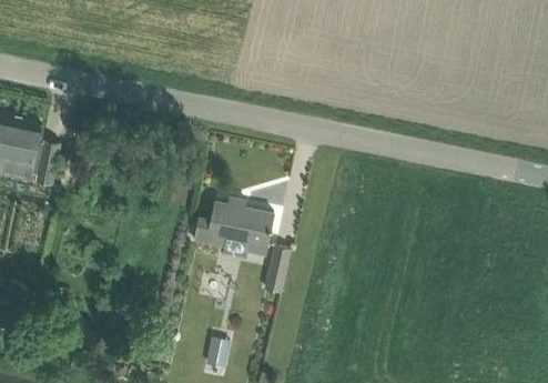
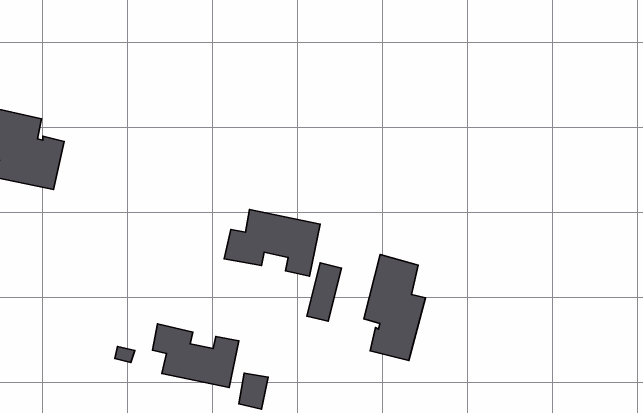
building: none -> [364,254,425,360]
building: none -> [153,324,239,387]

